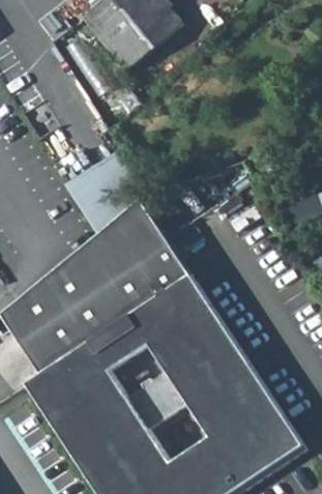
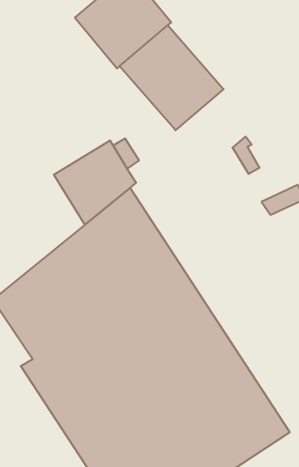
building: none -> [120,25,224,130]

